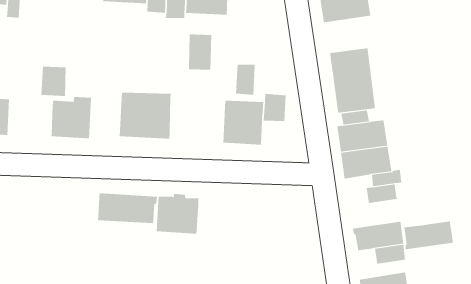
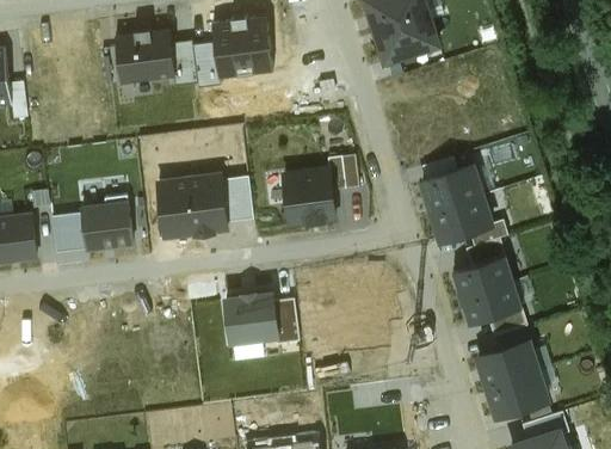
building: [188,34,212,70] -> [220,176,253,221]
building: [329,47,375,113] -> none
building: [235,64,255,96] -> none
building: [40,66,66,96] -> [53,213,86,251]
building: [97,192,158,224] -> none
building: none -> [273,299,298,342]
building: [404,221,454,250] -> [451,256,513,299]

